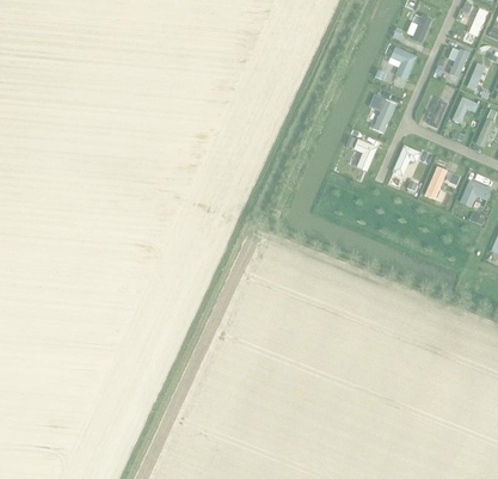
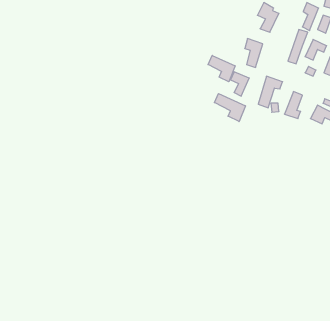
building: none -> [208,55,235,82]
building: none -> [214,94,245,122]

